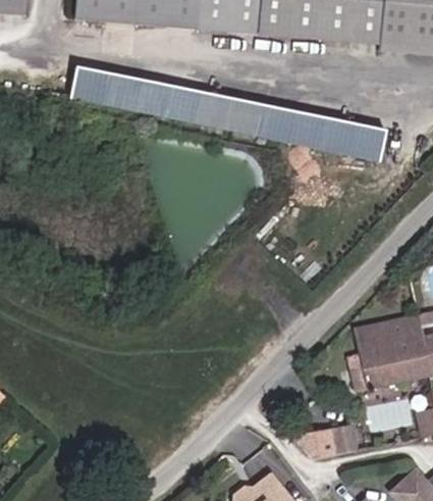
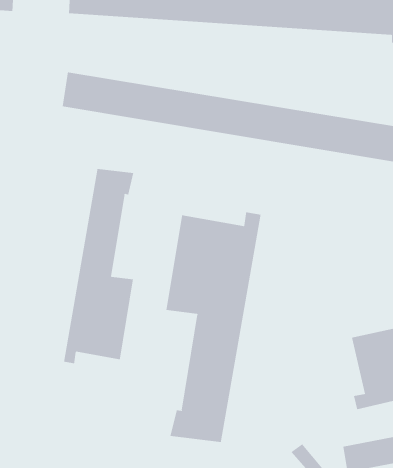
building: none -> [63,168,134,364]
building: none -> [166,212,261,443]

